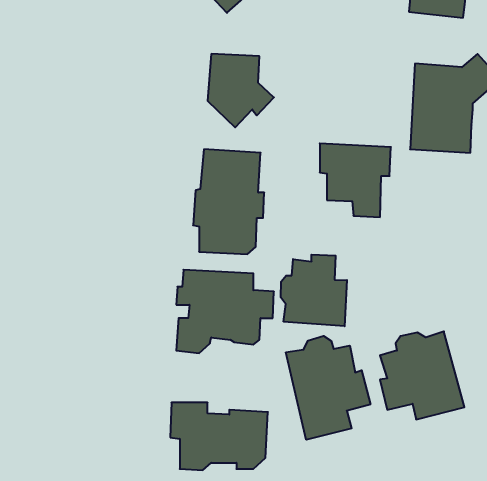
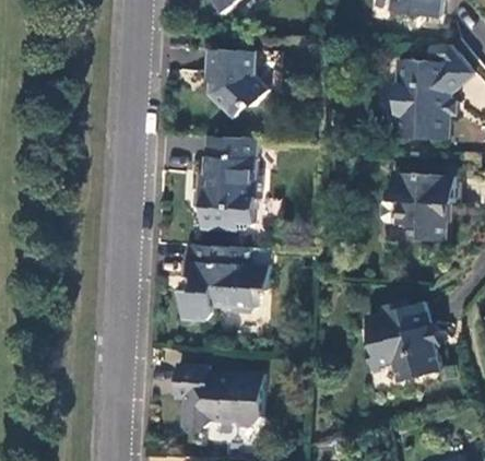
building: [320,143,391,217] -> [390,173,454,239]
building: [281,255,347,326] -> none
building: [286,336,370,440] -> none

